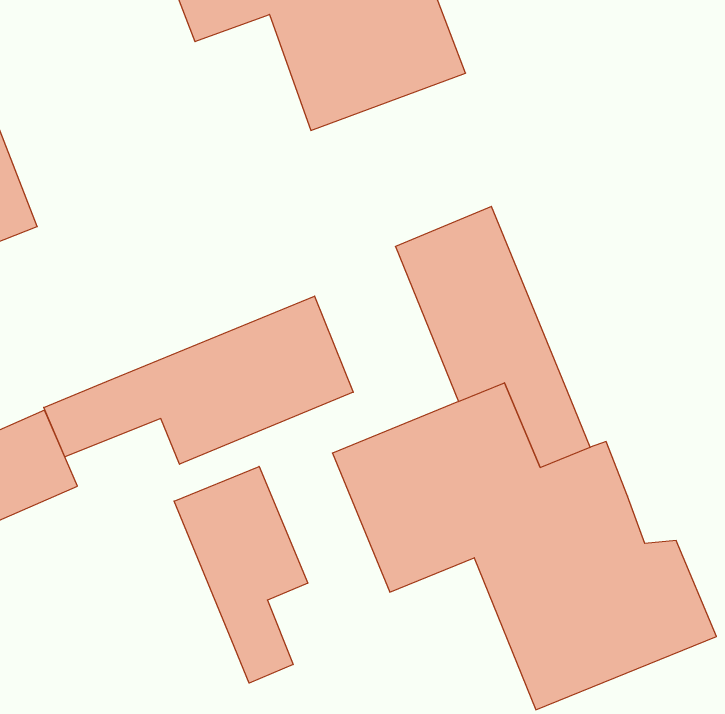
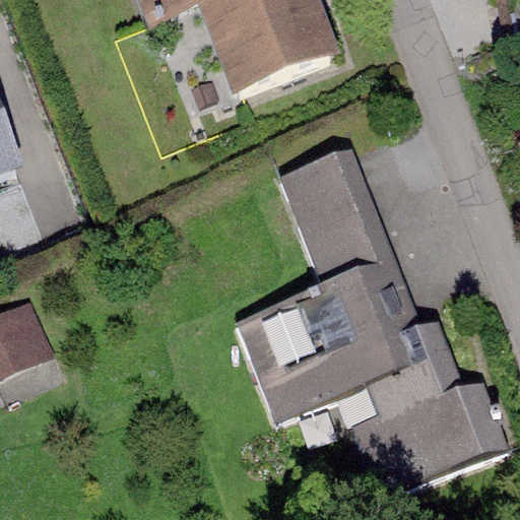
building: [44,296,353,464] -> none
building: [174,466,308,683] -> none

